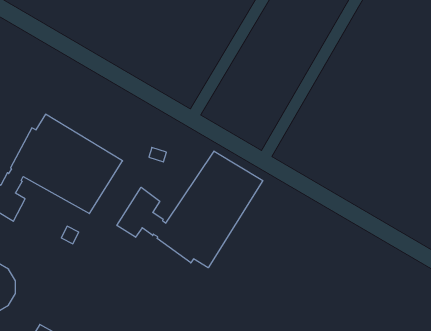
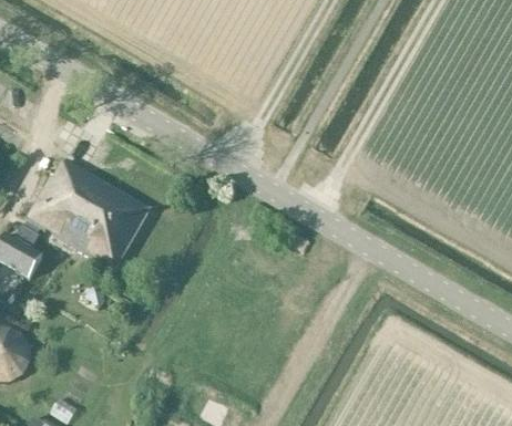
building: [117,151,263,268] -> none

